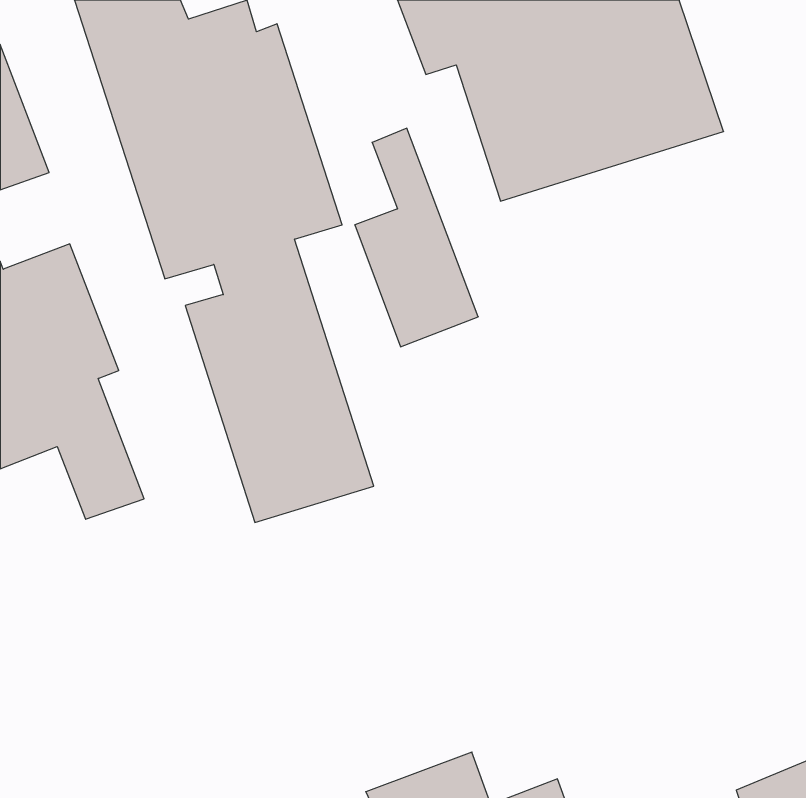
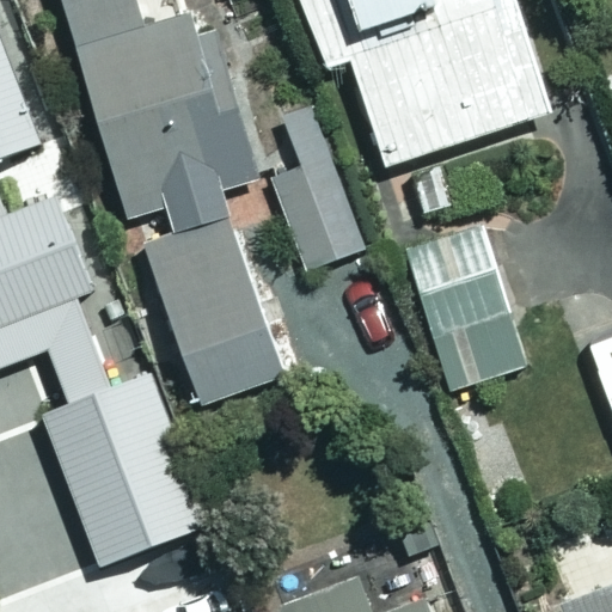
building: none -> [406,226,526,391]
building: none -> [41,371,208,565]

